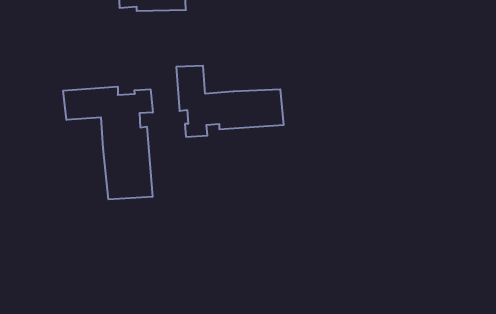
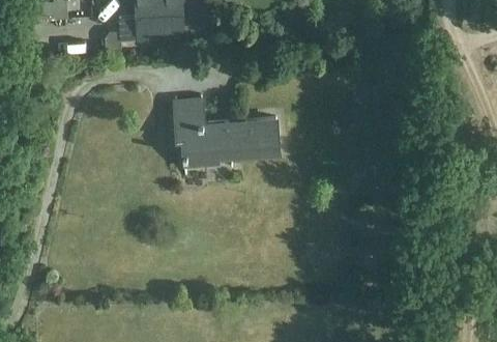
building: [63,87,153,199] -> none

